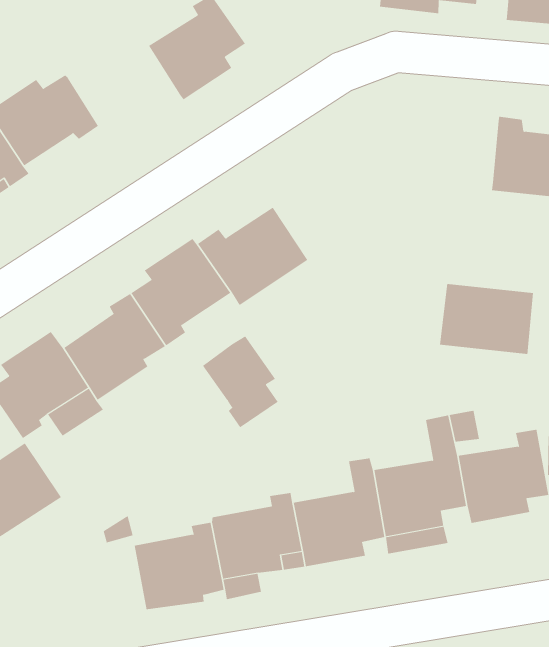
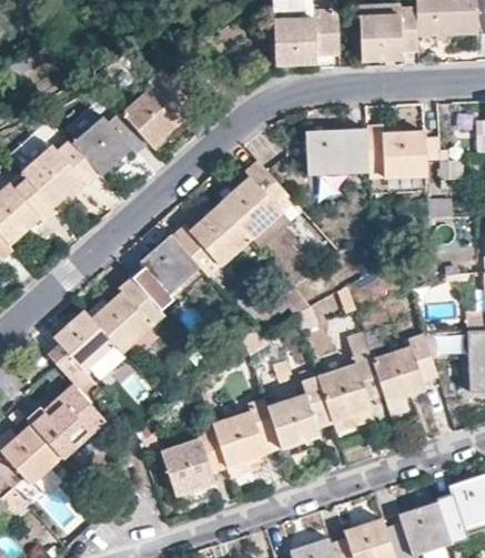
building: none -> [71,110,148,174]
building: none -> [222,163,293,240]
building: [439,284,534,355] -> [305,128,367,172]
building: [202,335,279,428] -> none

